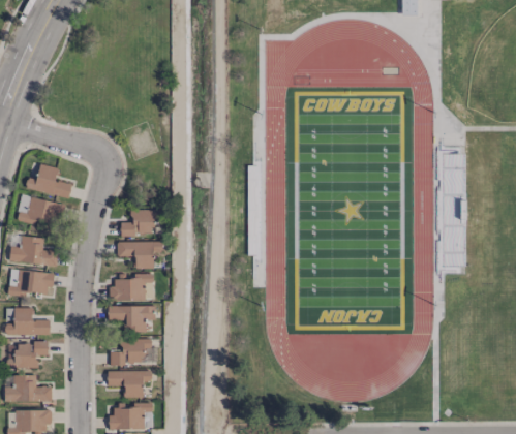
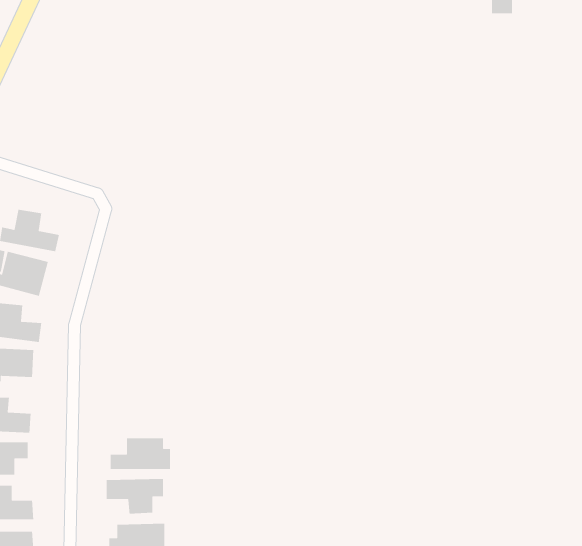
building: [120,209,160,236] -> none
building: [116,241,162,269] -> none
building: [110,274,153,301] -> none
building: [108,305,155,331] -> none

